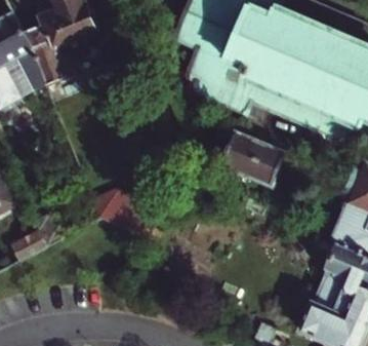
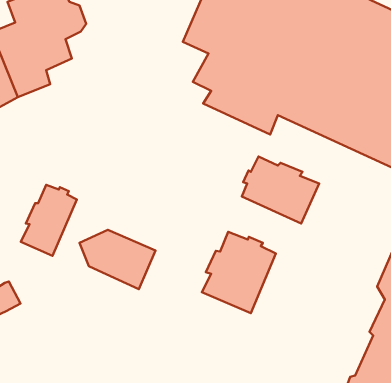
building: none -> [21,185,77,256]
building: none -> [202,232,276,313]

